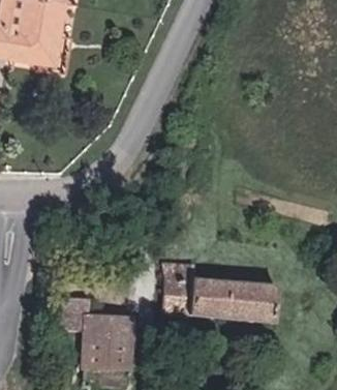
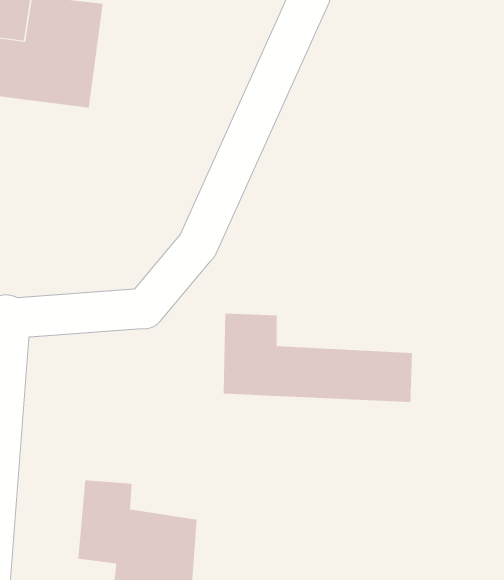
building: [165,265,280,319] -> [223,313,413,402]

